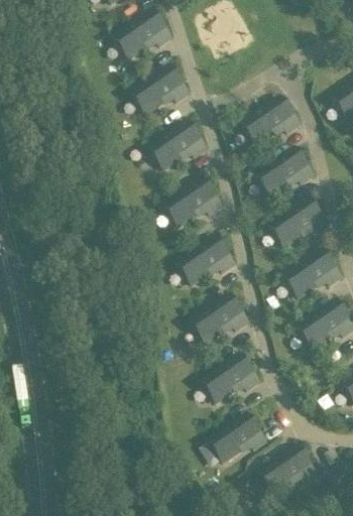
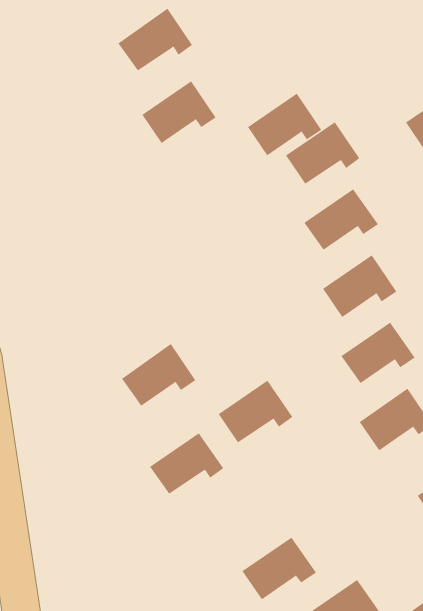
building: [152,122,210,170] -> [247,93,322,156]
building: [167,179,225,228] -> none
building: [181,237,238,285] -> [121,343,196,407]
building: [205,356,262,403] -> [149,432,224,494]

